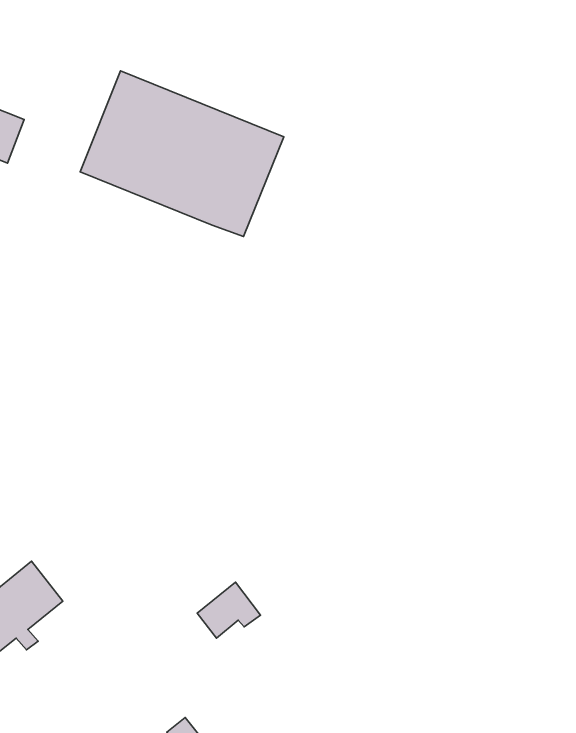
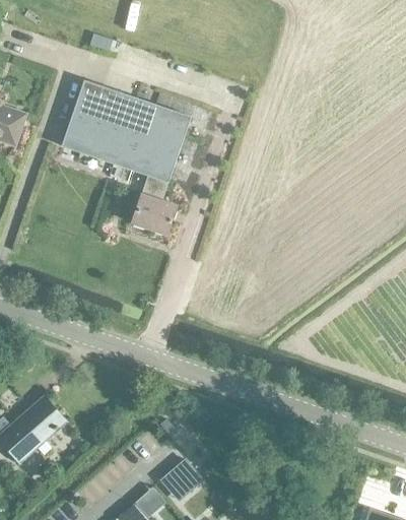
building: none -> [132,176,178,235]
building: [197,582,261,638] -> [162,459,203,496]

